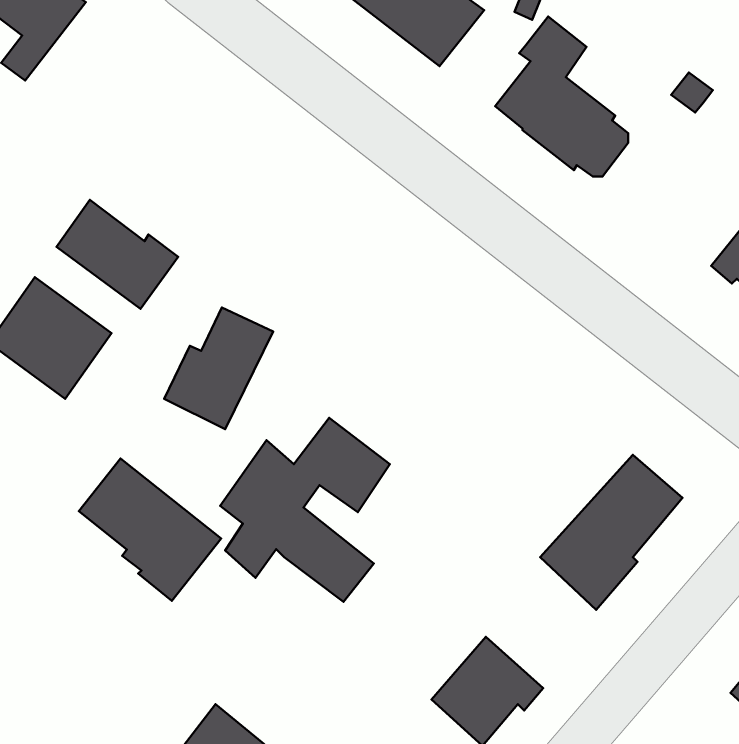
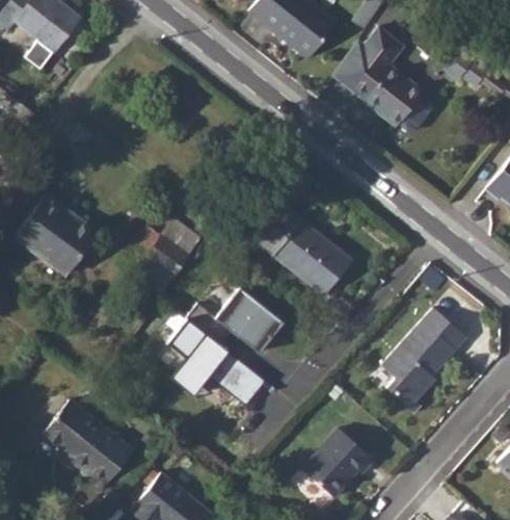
building: [56,200,178,309] -> none
building: none -> [240,194,349,294]
building: [79,458,221,601] -> [42,397,134,490]

